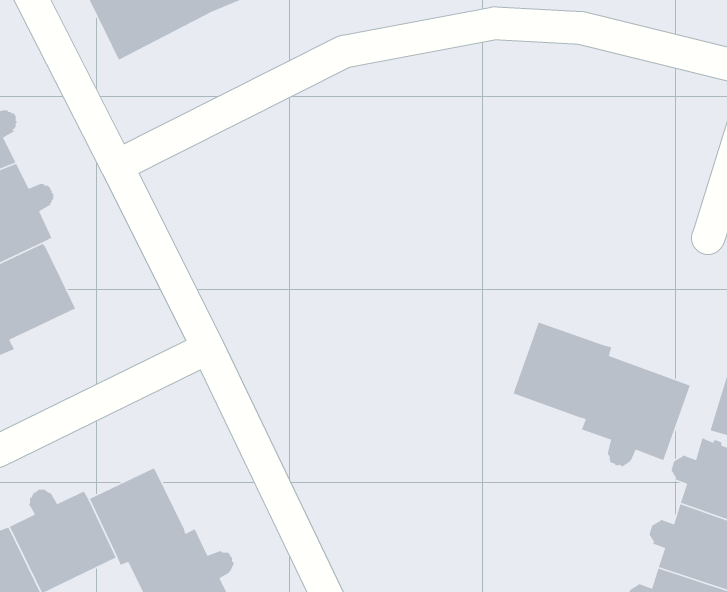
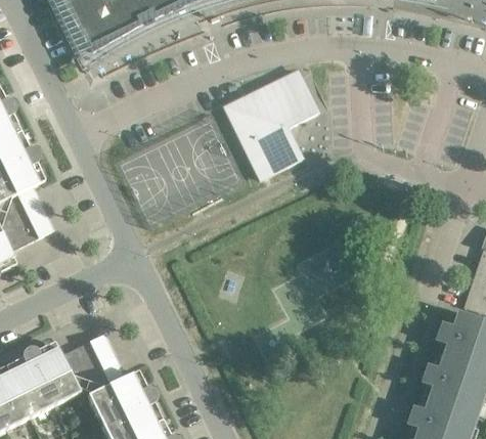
building: none -> [225,70,317,177]
building: [512,321,691,467] -> none

